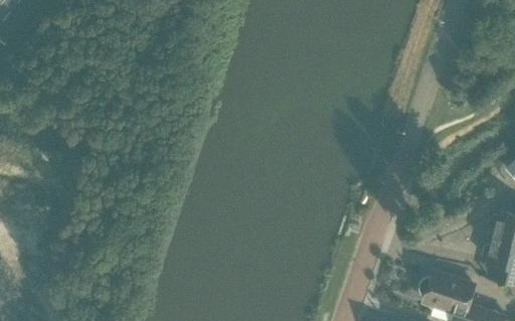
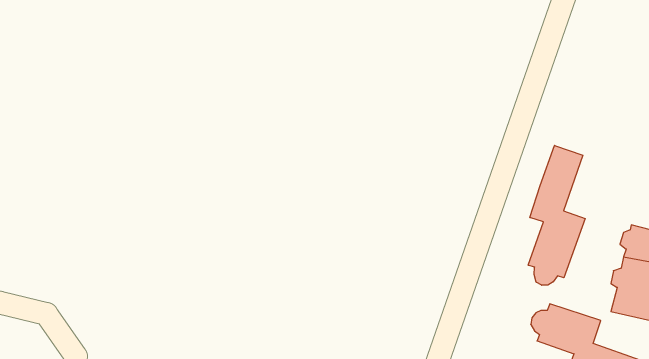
building: none -> [528,145,585,285]

